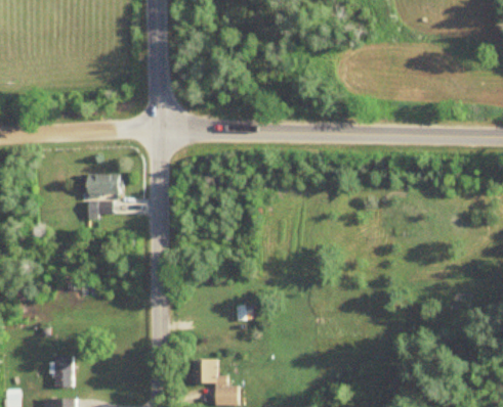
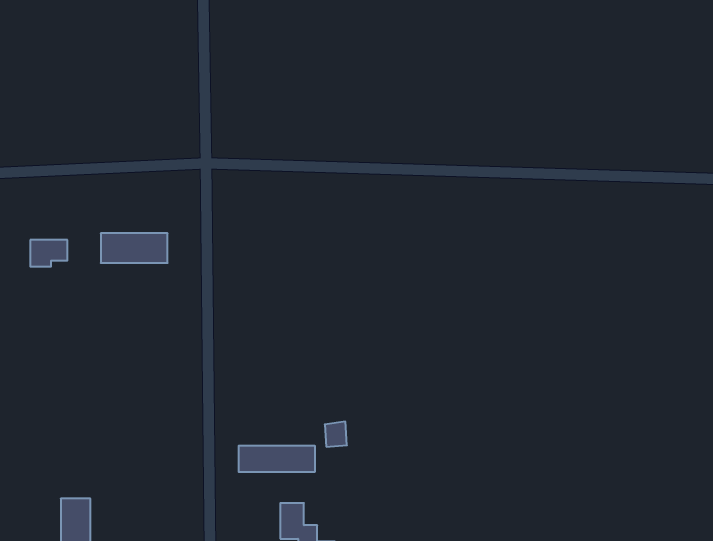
building: [85,200,111,219] -> [30,240,67,267]
building: none -> [239,446,315,472]

